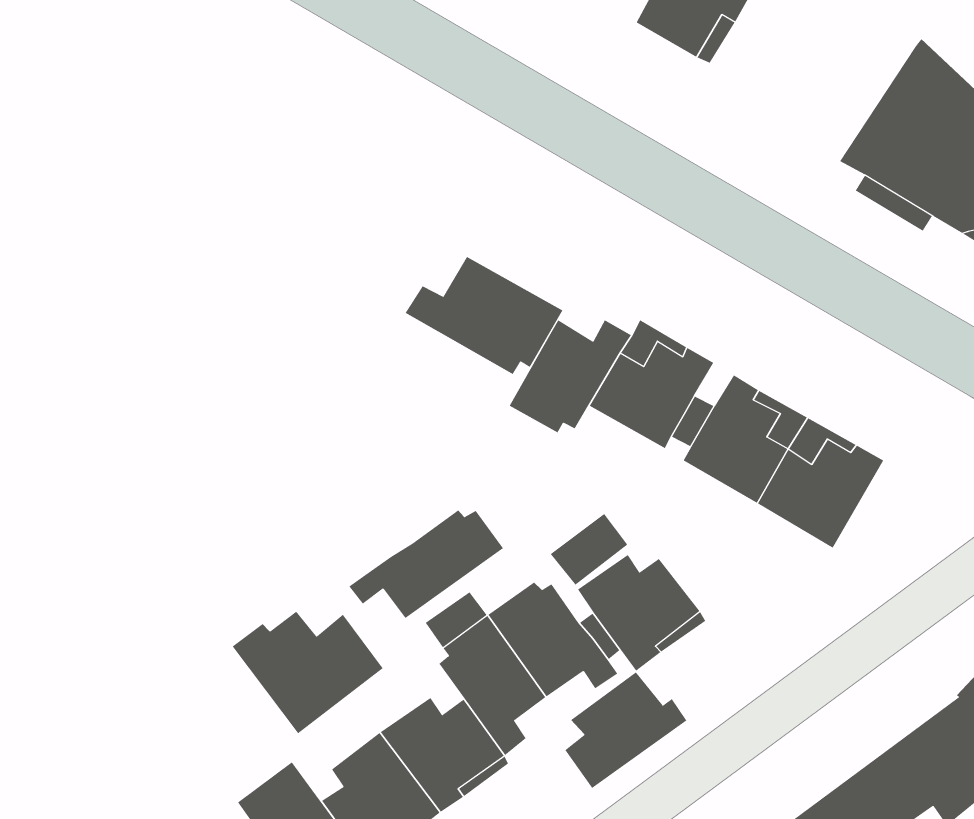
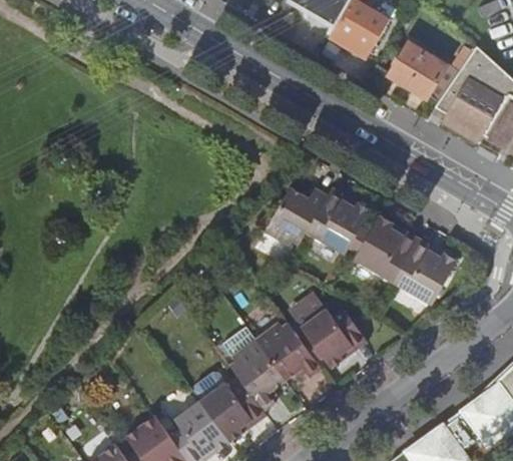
building: none -> [390,40,473,101]
building: [405,256,563,375] -> none
building: [348,510,504,619] -> none
building: [232,611,384,734] -> none
building: [564,672,687,789] -> none

